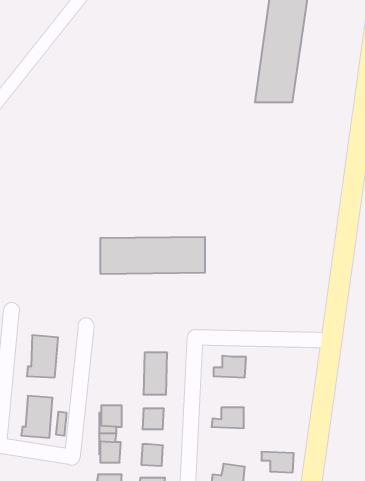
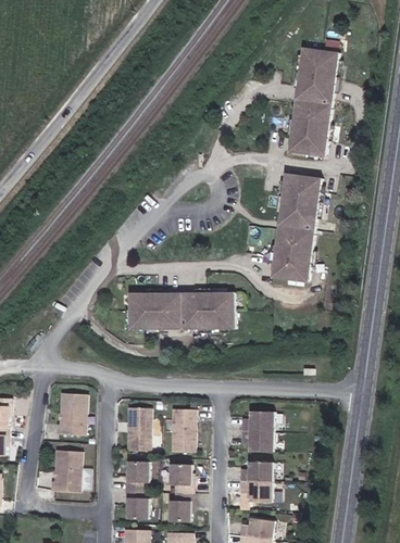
building: none -> [266,176,322,288]
building: none -> [128,406,152,450]
building: none -> [242,432,274,453]
building: [261,452,294,472] -> [240,483,273,504]

